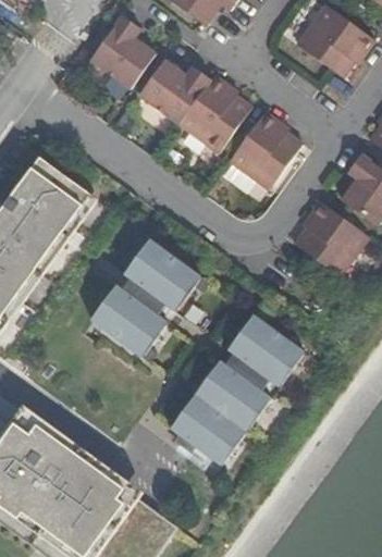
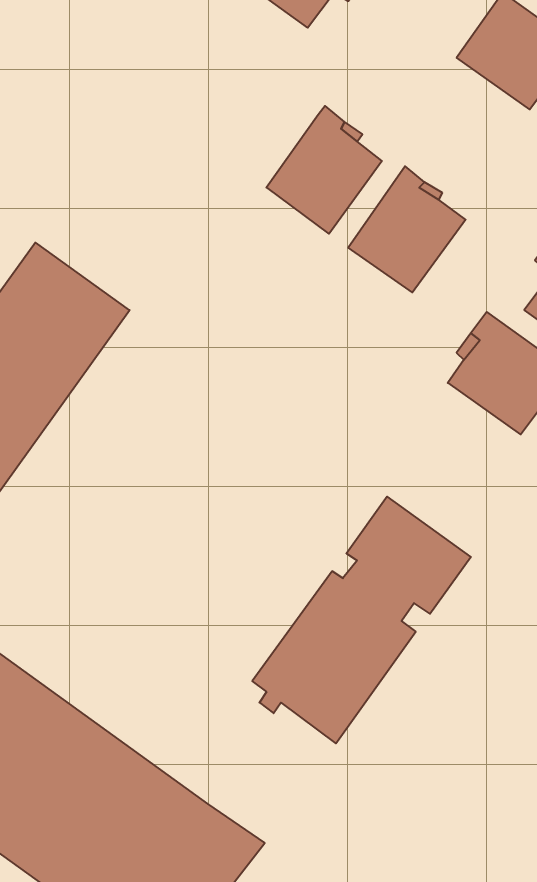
building: [89,14,156,89] -> none
building: [138,58,211,123] -> none
building: [91,237,200,356] -> none

